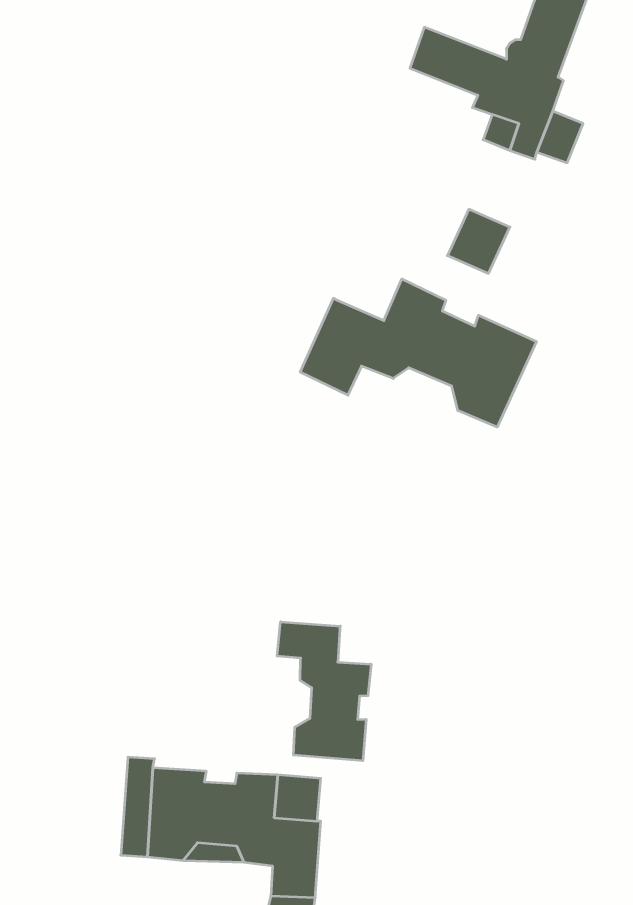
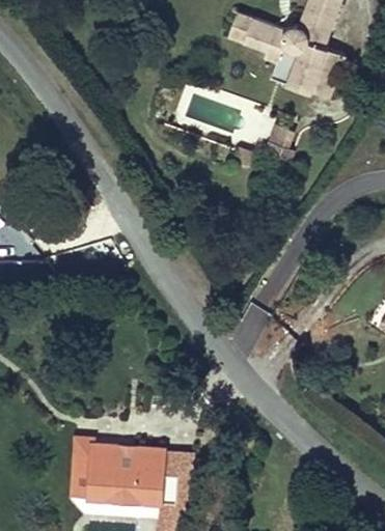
building: [300,279,536,427] -> none
building: [277,622,371,761] -> none

